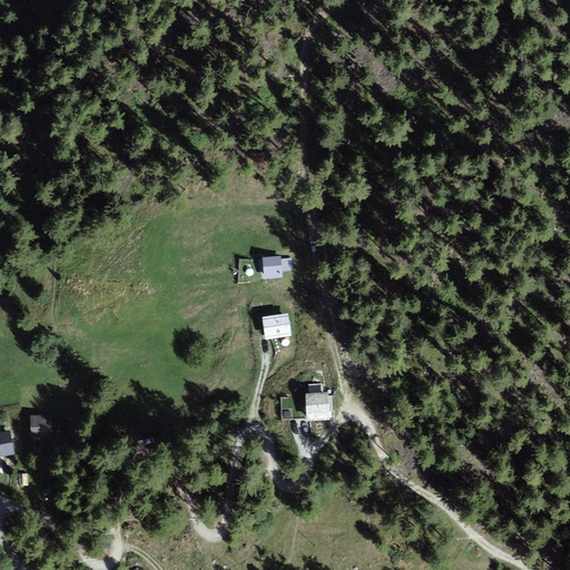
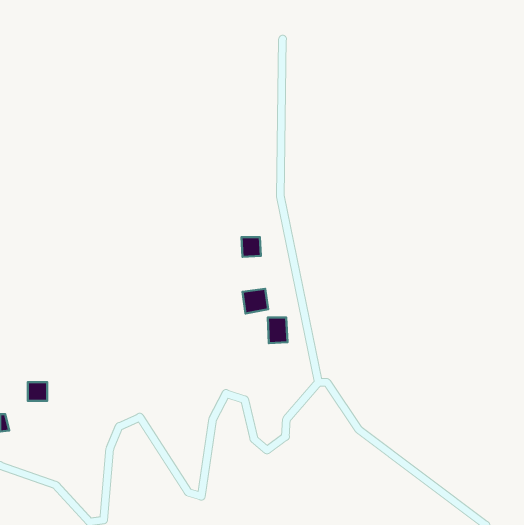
building: [306,392,327,420] -> [268,318,287,343]

